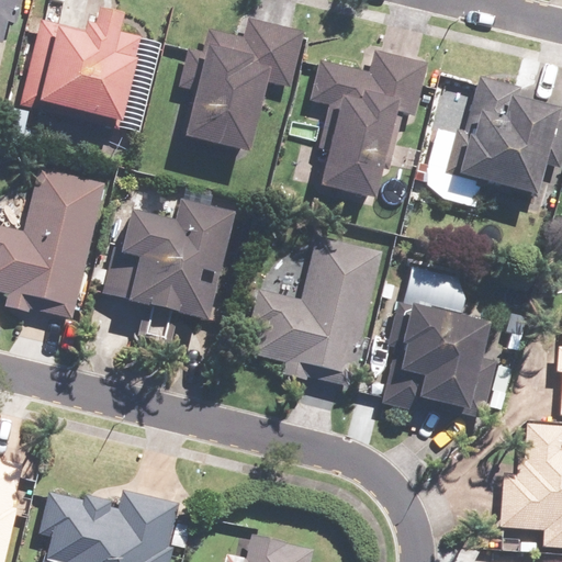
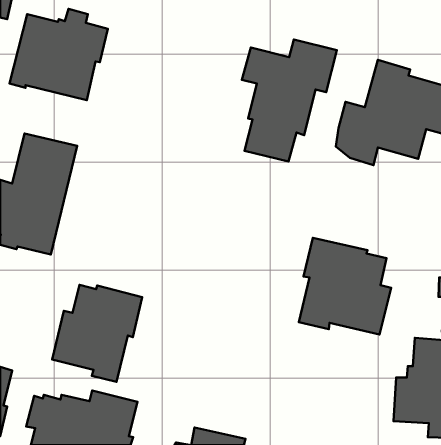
building: [169,16,305,156] -> none
building: [105,201,231,345] -> none
building: [251,234,384,386] -> none
building: none -> [52,285,142,382]

